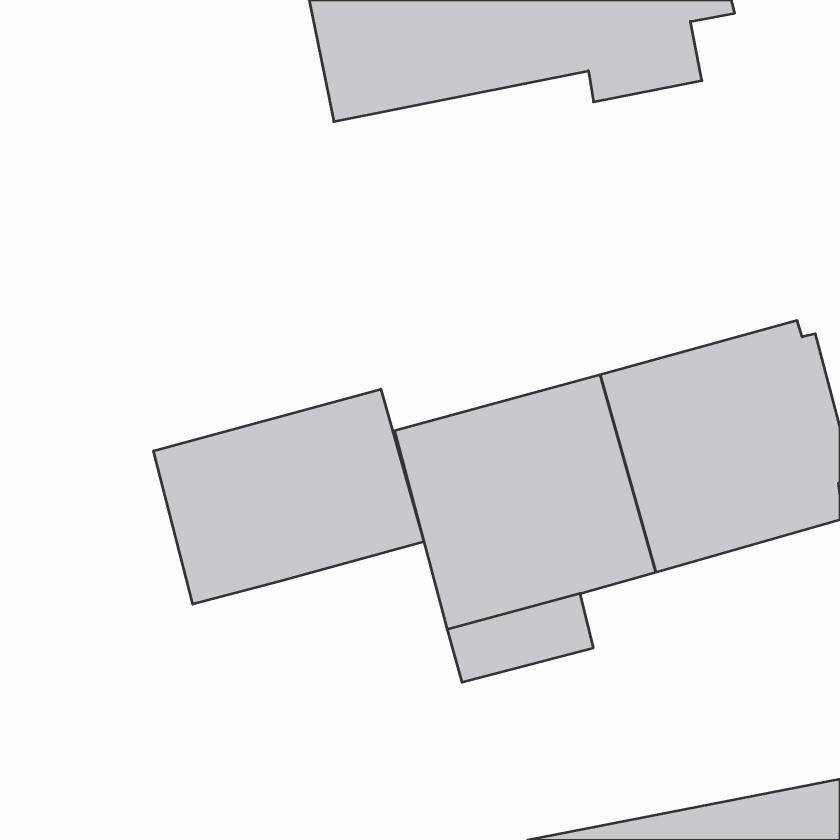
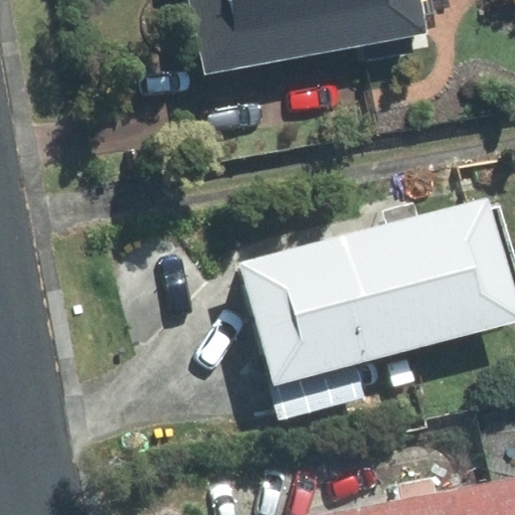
building: [154,389,424,604] -> none

